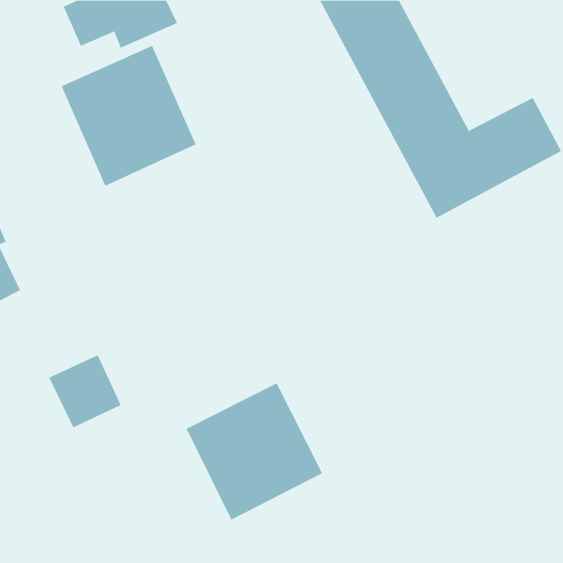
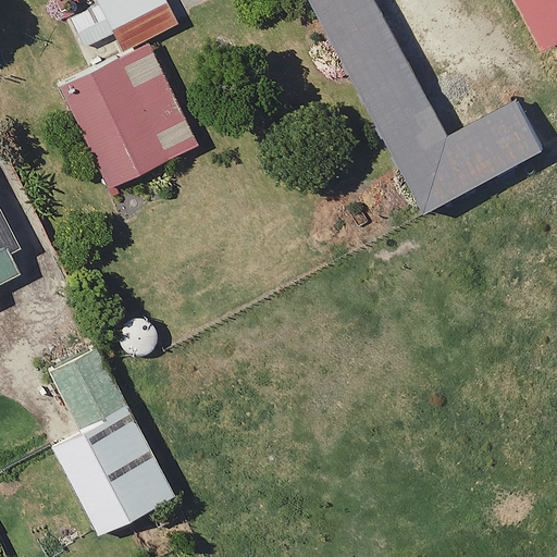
building: [186,383,323,520] -> none
building: none -> [46,401,171,533]

